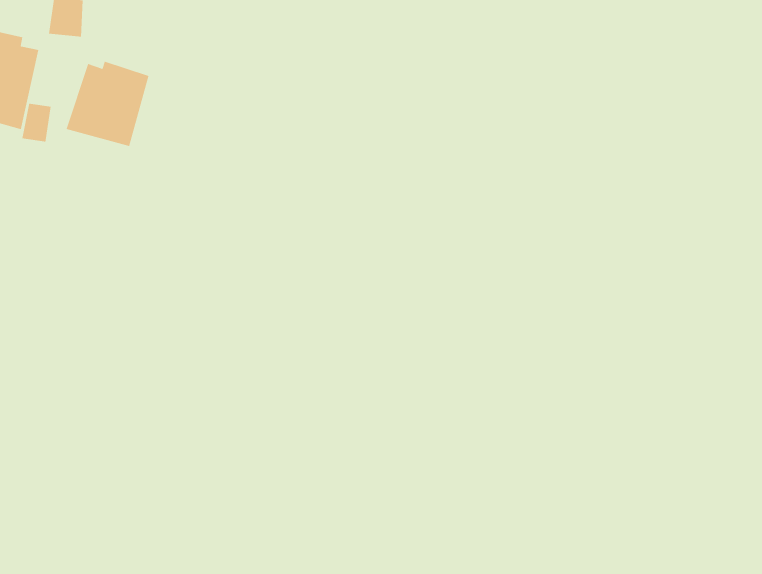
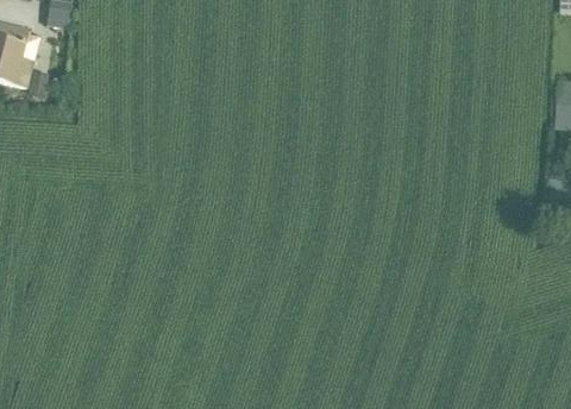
building: [66,61,149,147] -> none

